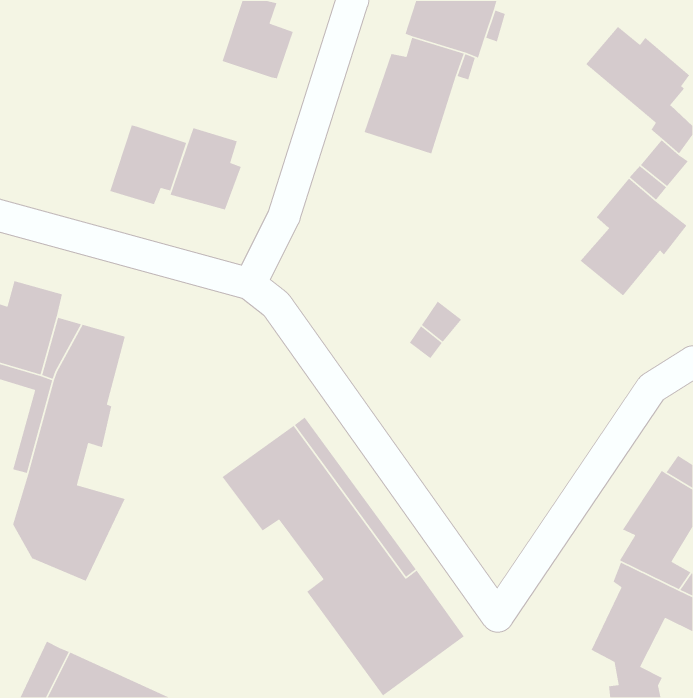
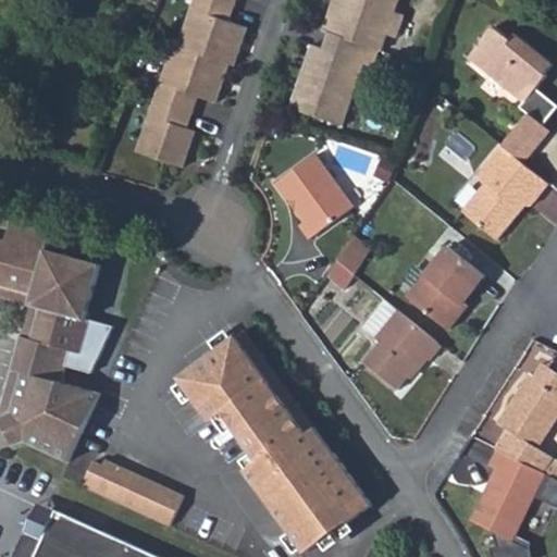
building: [109,125,187,205] -> [153,48,215,112]
building: none -> [275,152,352,237]
building: none -> [406,247,482,330]
building: none -> [362,299,442,388]
building: none -> [82,461,184,528]

